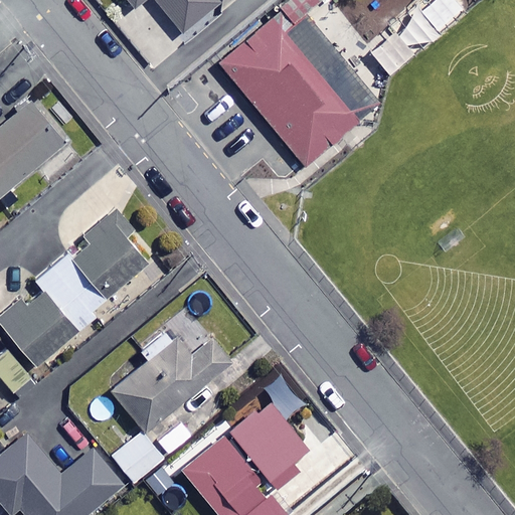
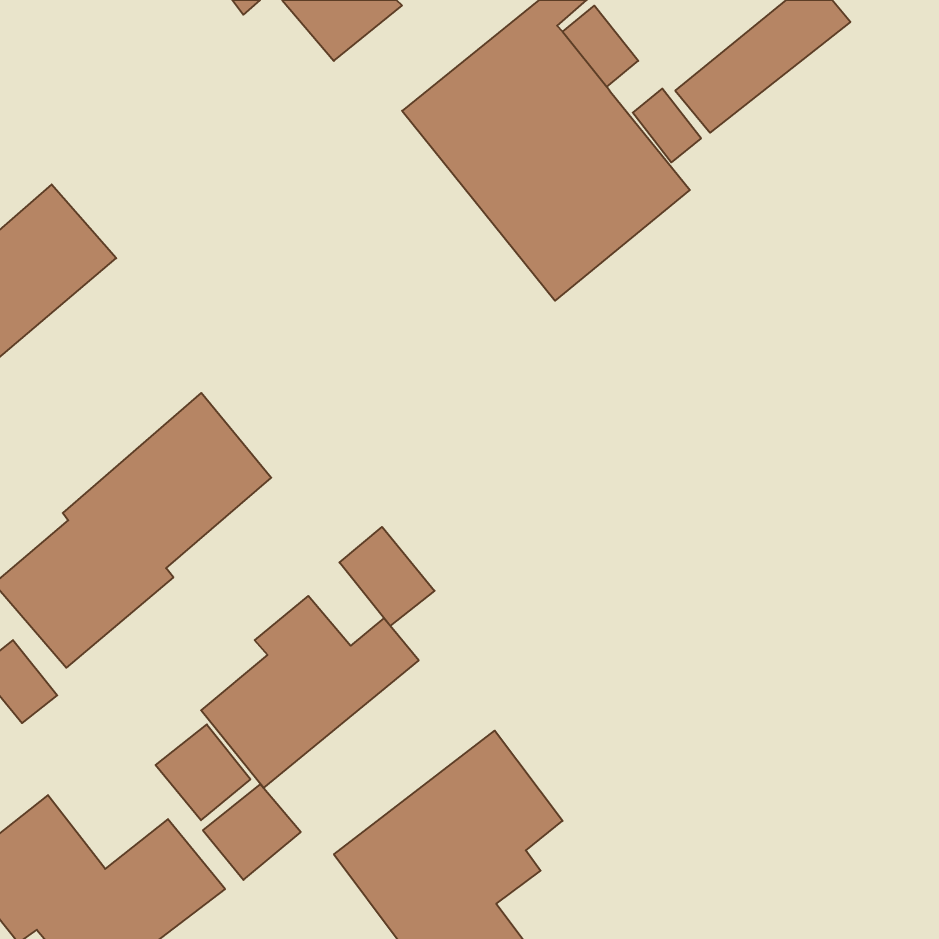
building: none -> [339,527,435,626]
building: none -> [156,724,250,820]

